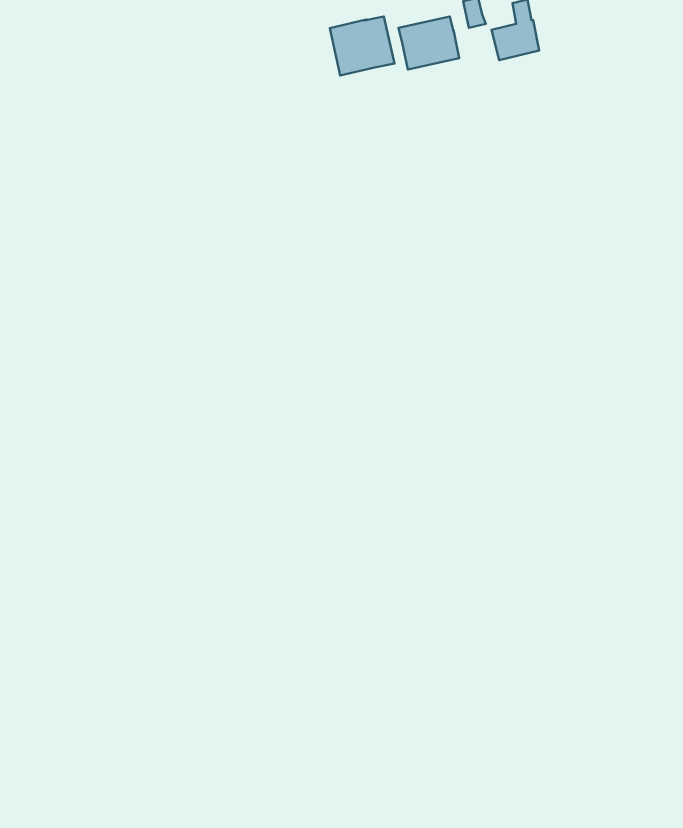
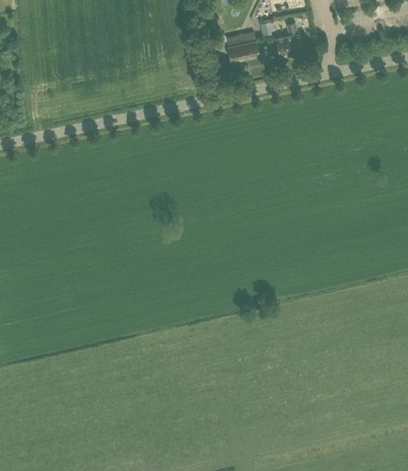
building: [330,16,394,75] -> none

